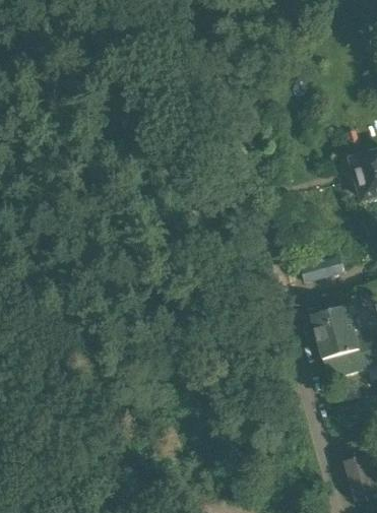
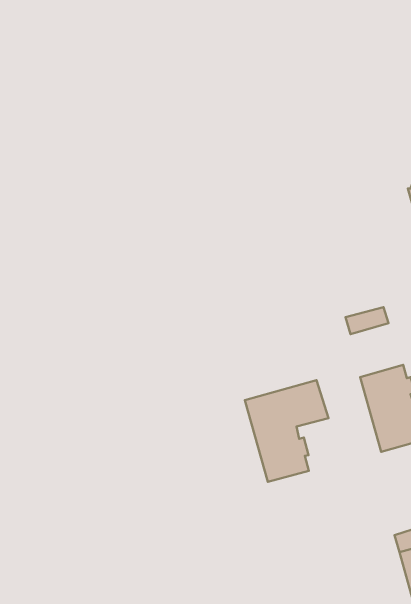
building: none -> [245,380,328,482]

